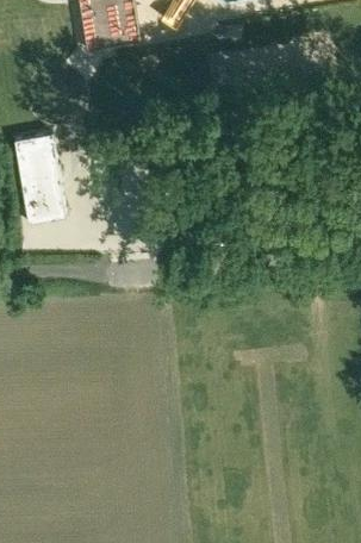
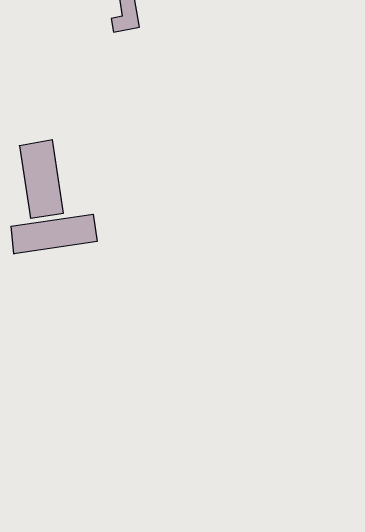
building: none -> [11,214,97,254]

